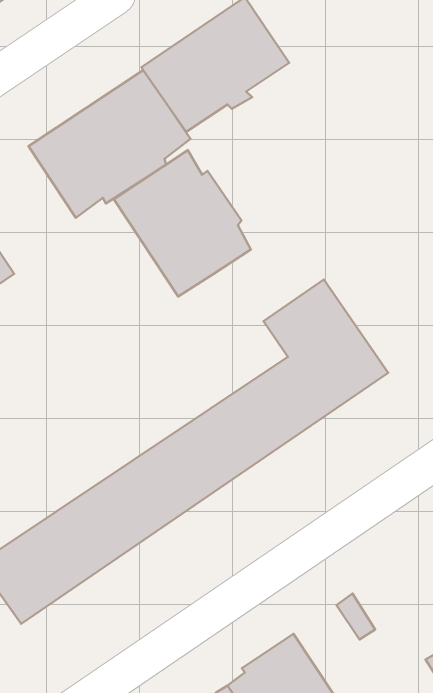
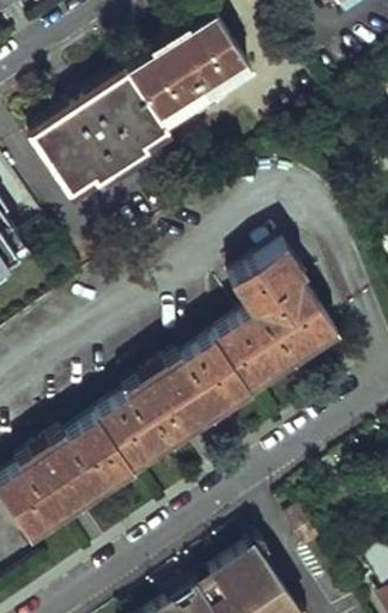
building: [114,150,251,296] -> none

